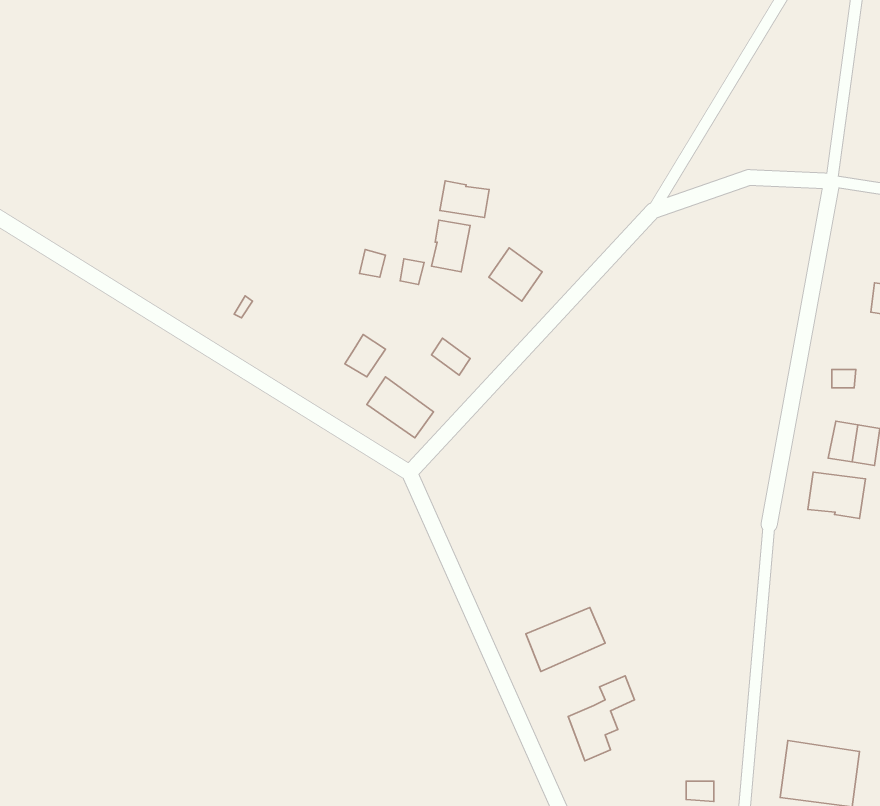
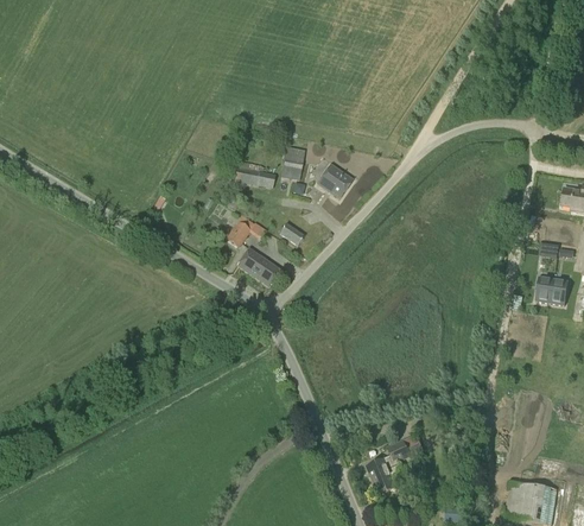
building: [440,181,489,217] -> none
building: [808,472,866,518] -> none
building: [526,608,605,672] -> none

